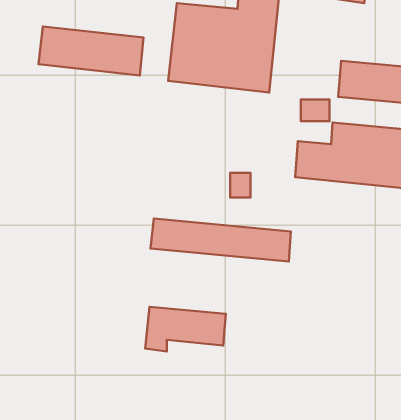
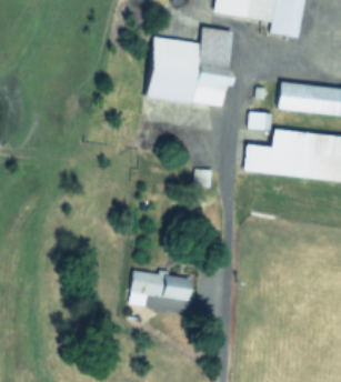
building: [38,27,143,75] -> none
building: [151,219,291,261] -> none

